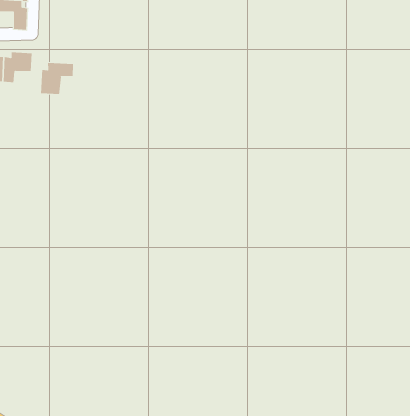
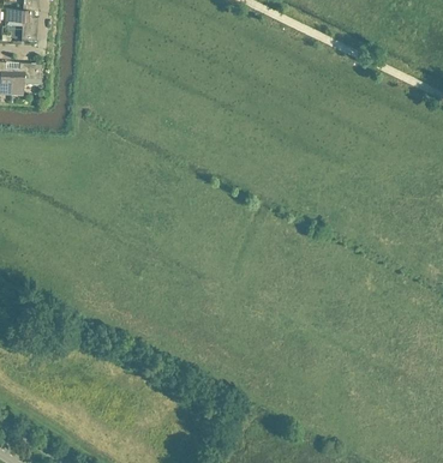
building: [41,62,73,95] -> none

